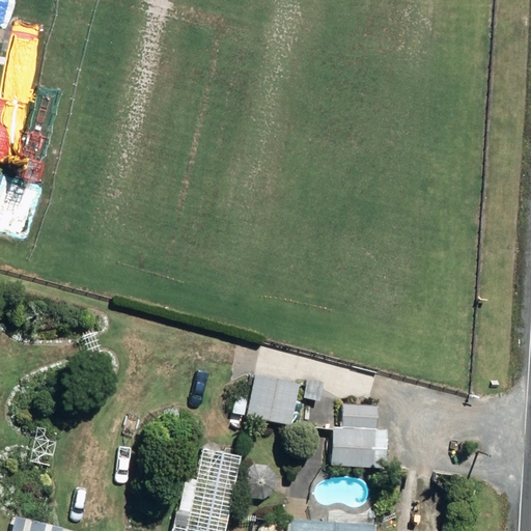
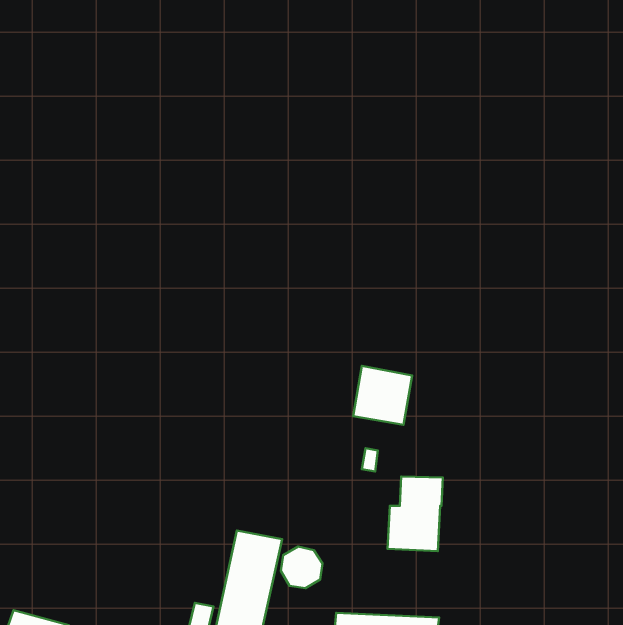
building: [248,375,298,425] -> [353,366,412,425]

